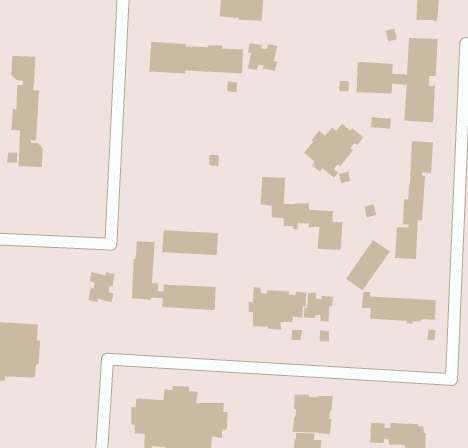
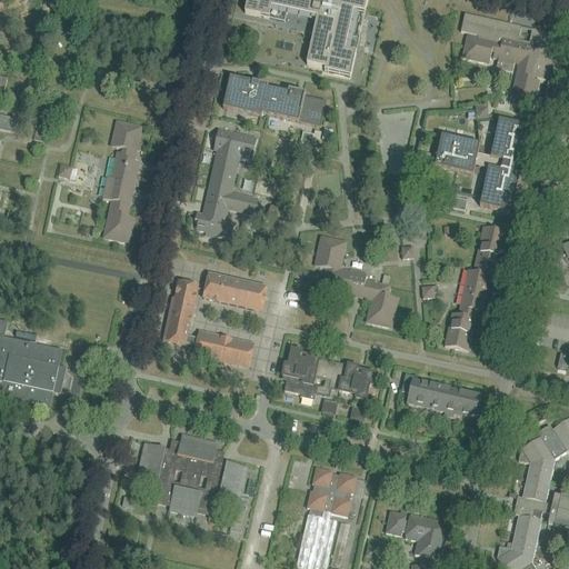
building: [247,42,278,72] -> none
building: [10,55,43,168] -> [102,119,142,241]
building: none -> [194,126,261,236]
building: [303,123,364,179] -> none
building: [345,239,391,291] -> none
building: [88,271,115,303] -> none

